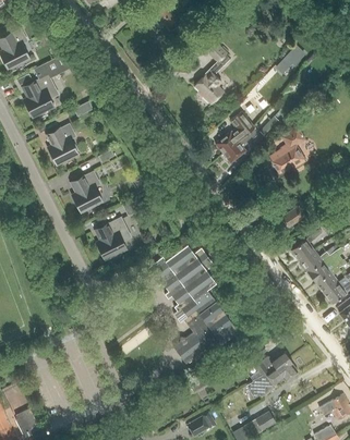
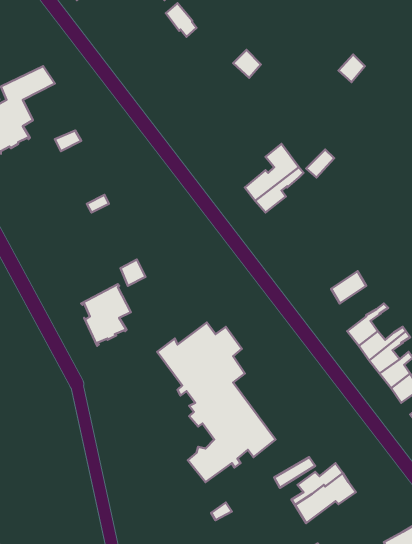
building: [195,71,222,103] -> none
building: [45,123,79,166] -> none
building: [268,125,306,174] -> none
building: [69,170,102,213] -> none

